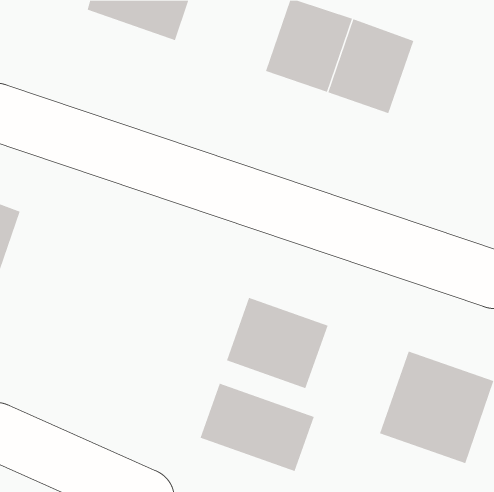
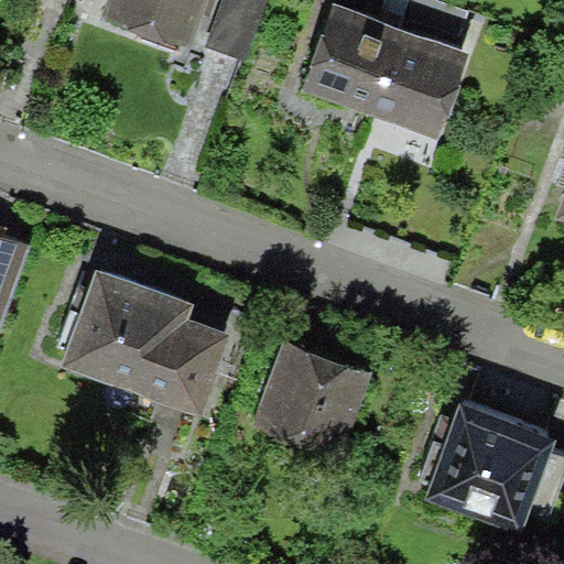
building: none -> [62,271,236,415]
building: [200,383,315,472] -> none

